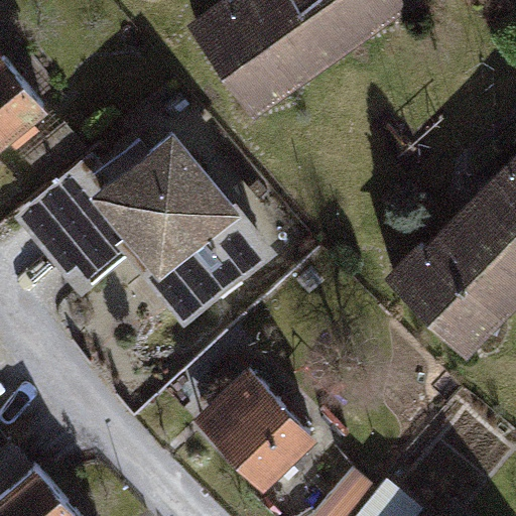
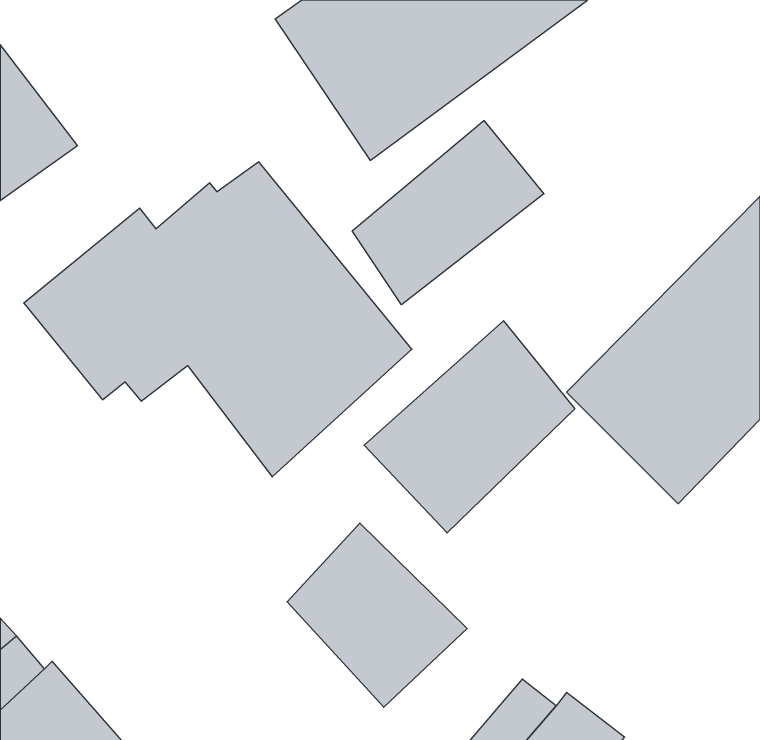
building: none -> [352,121,544,305]
building: none -> [364,321,575,533]

